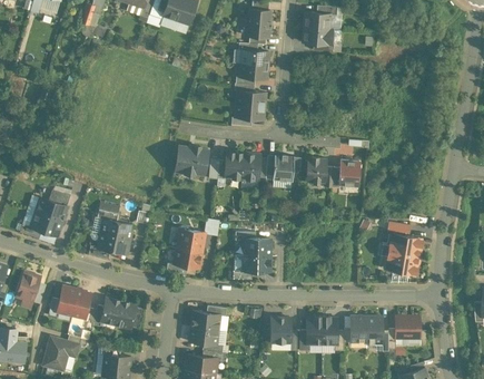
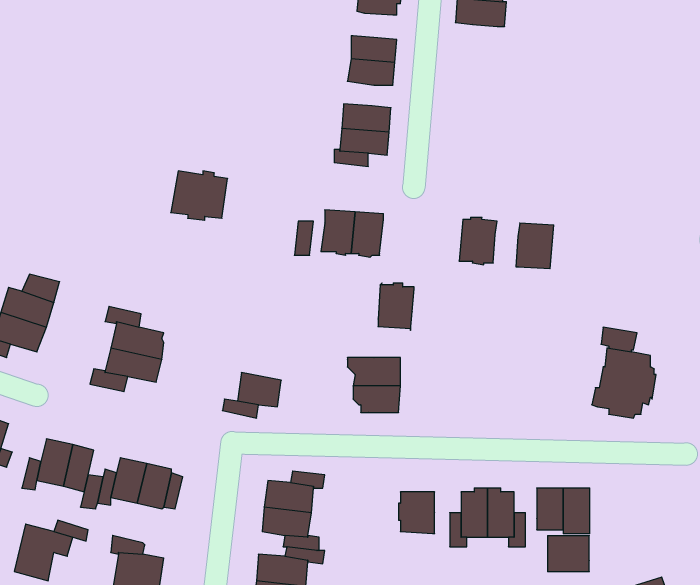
building: [176,146,209,175] -> [171,171,228,220]
building: [274,154,295,182] -> [378,283,414,330]
building: [178,226,205,252] -> none
building: [396,315,421,337] -> [548,536,589,572]

